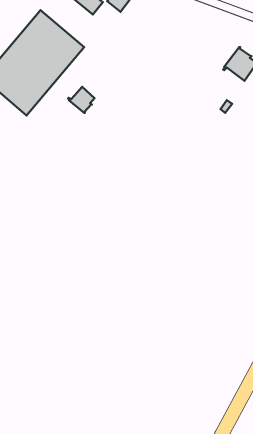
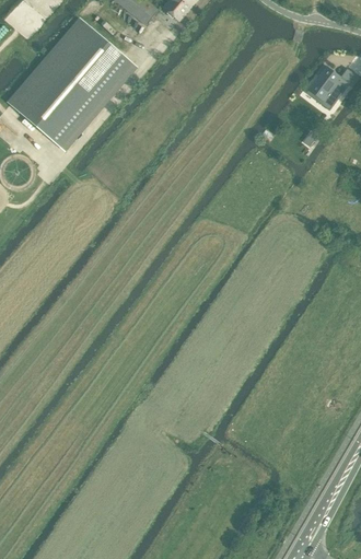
building: [68,87,95,113] -> none

